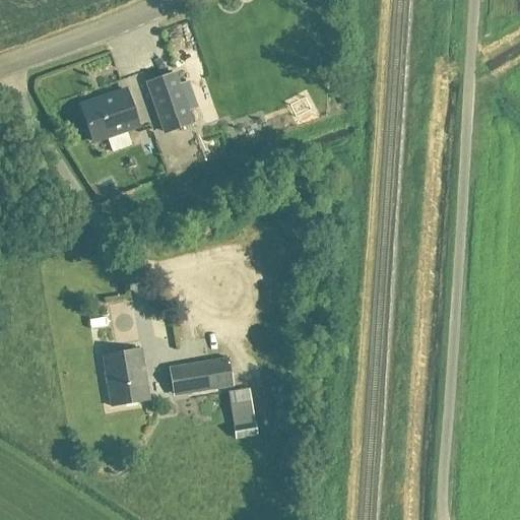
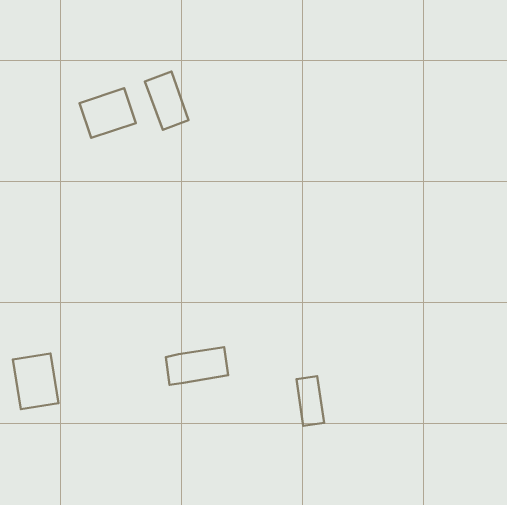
building: [104,347,150,404] -> [13,354,59,409]
building: [229,387,257,438] -> [296,376,324,426]

